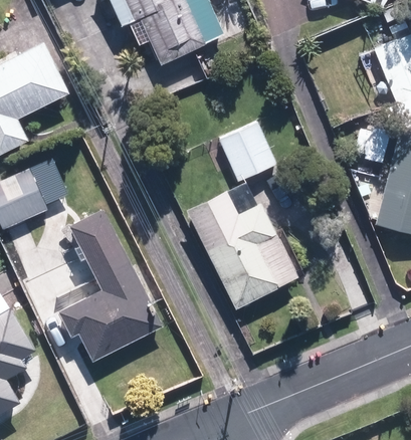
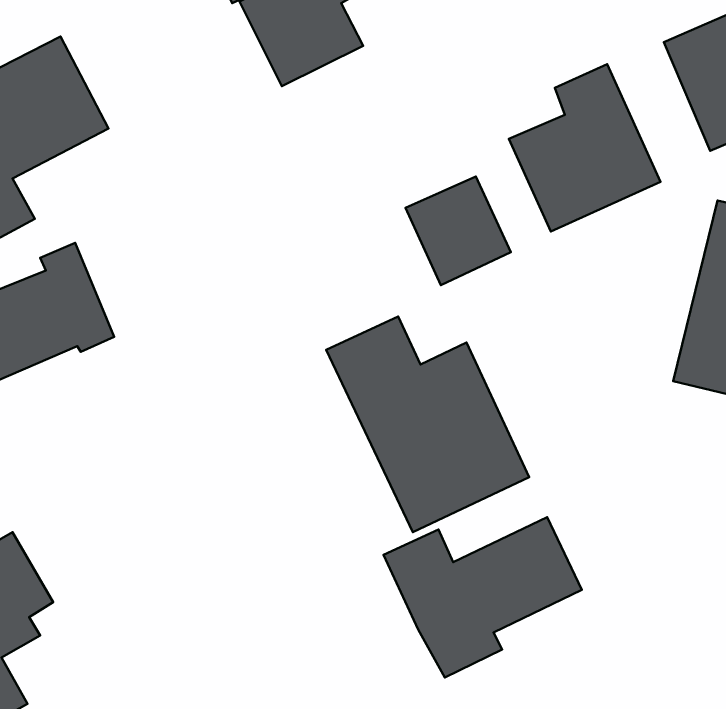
building: none -> [509,64,661,231]
building: [69,205,163,358] -> none
building: none -> [384,517,582,678]

